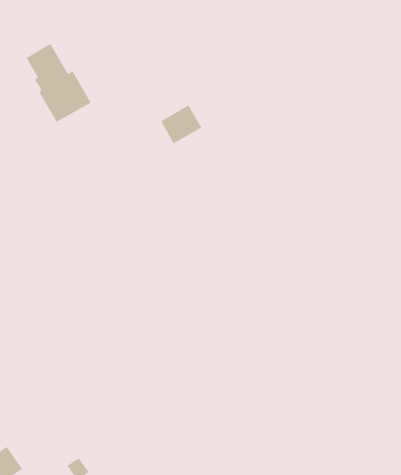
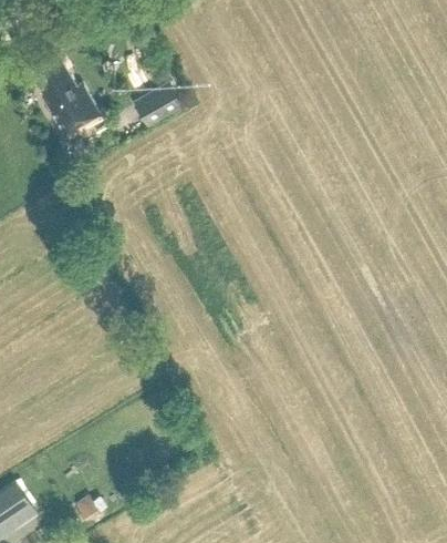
building: [161,105,202,144] -> [138,83,183,125]

